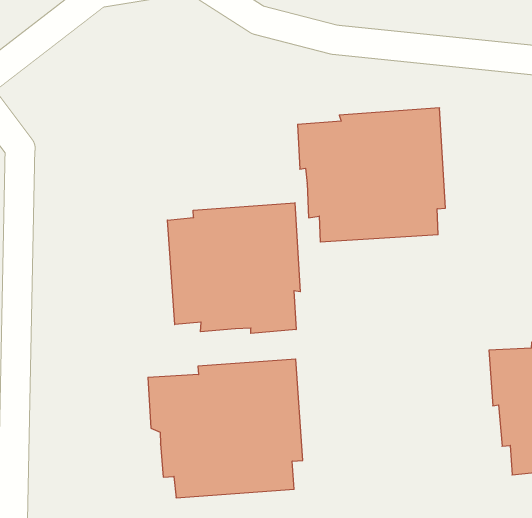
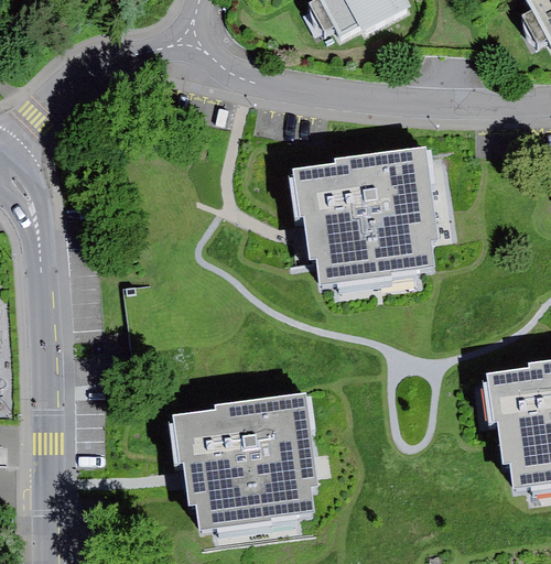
building: [167,203,300,333] -> none

